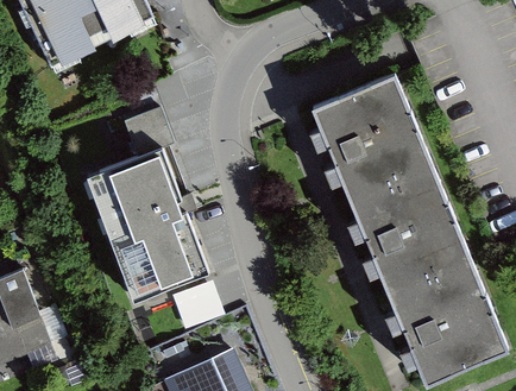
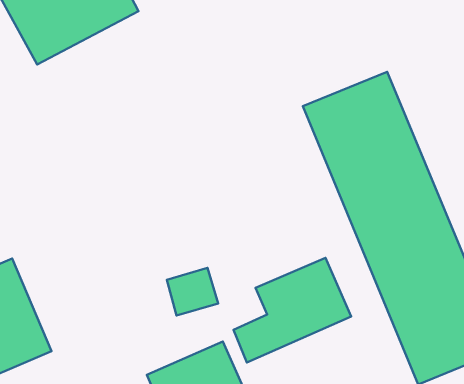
building: [70,149,199,303] -> none
building: none -> [233,258,351,362]

